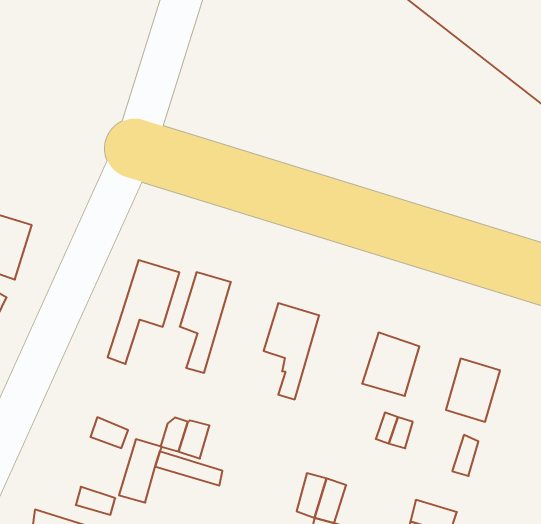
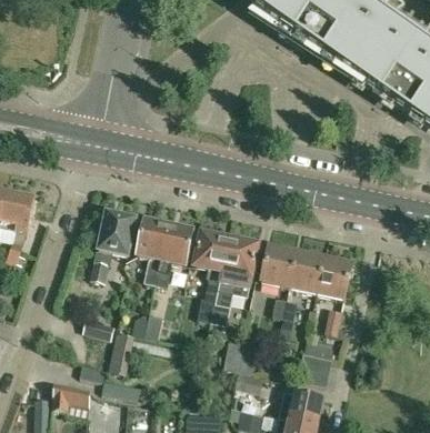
building: none -> [157,220,193,283]
building: none -> [212,236,258,322]
building: none -> [290,251,324,291]

